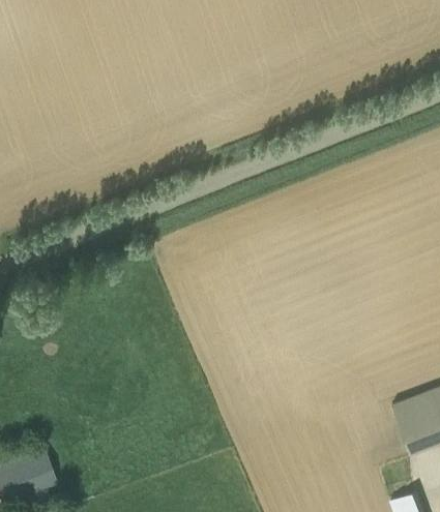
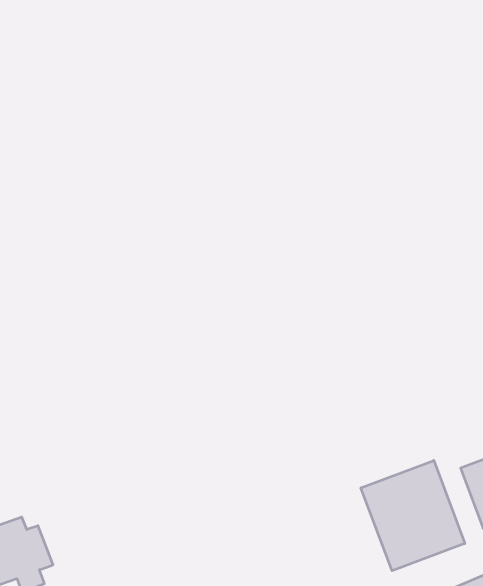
building: none -> [361,460,465,571]

